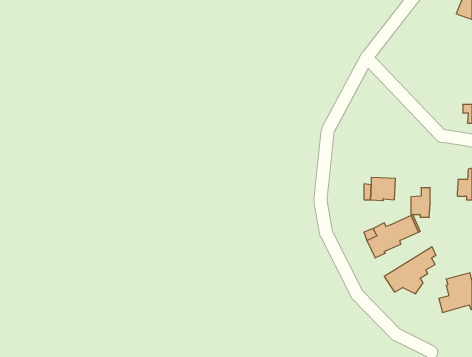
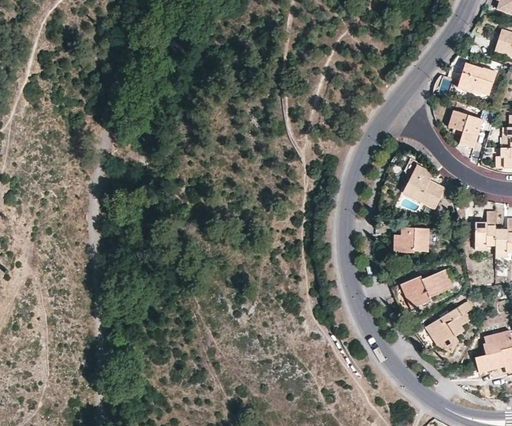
building: none -> [458,63,497,97]
building: none -> [449,110,484,148]
building: none -> [403,165,446,209]
building: [411,188,430,217] -> [475,212,496,244]

